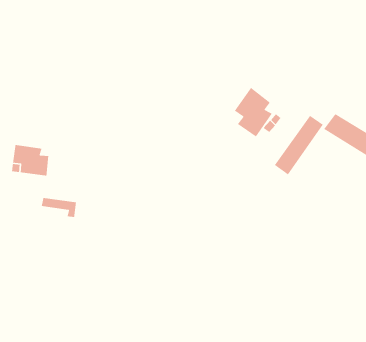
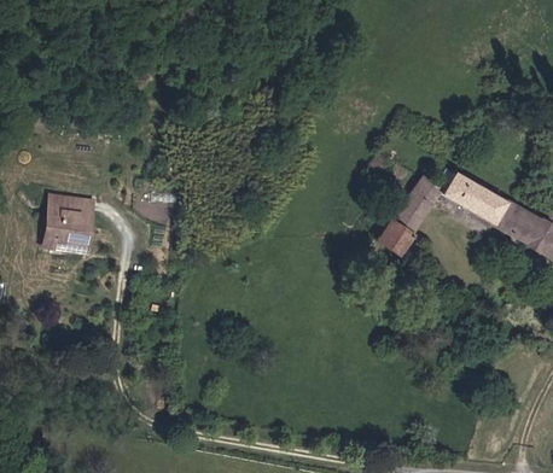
building: [234,87,273,137] -> none
building: [41,197,77,218] -> [48,197,94,223]

